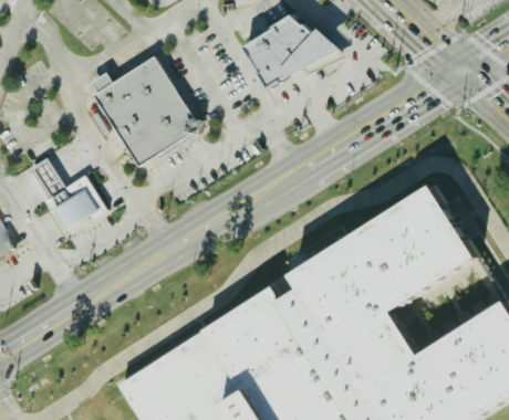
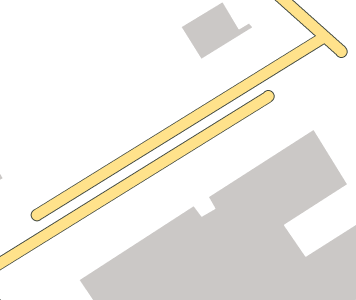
building: [91,56,202,167] -> none
building: [31,158,105,230] -> none

